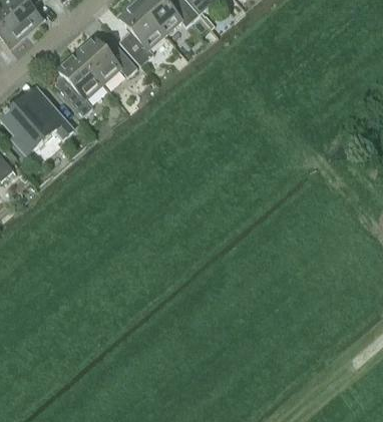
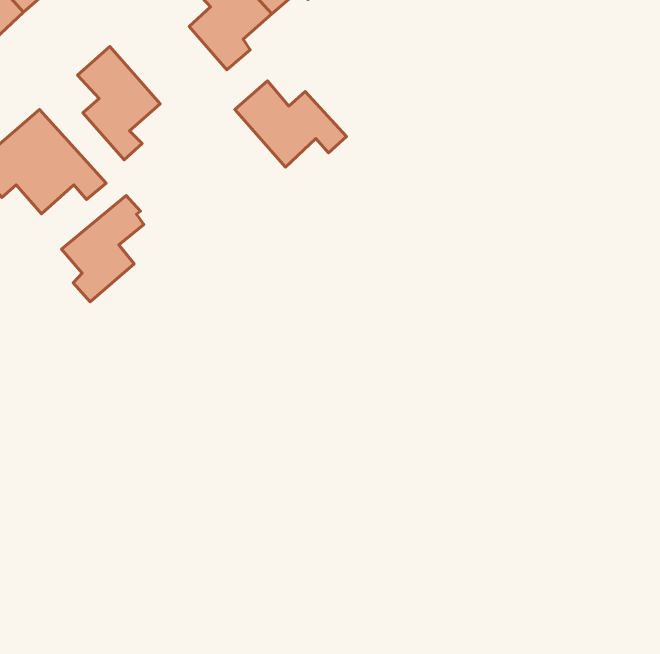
building: [74,36,136,84] -> [235,81,347,167]
building: none -> [62,196,144,302]

